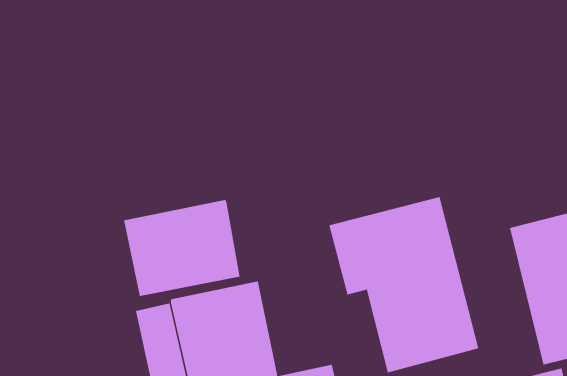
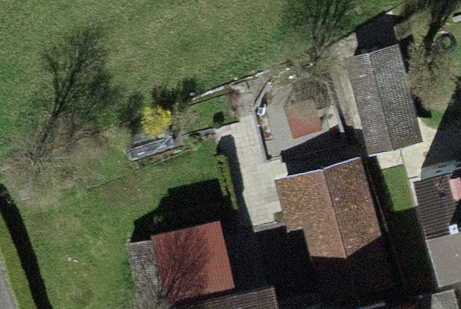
building: none -> [345,43,423,155]
building: [124,199,240,297] -> none

